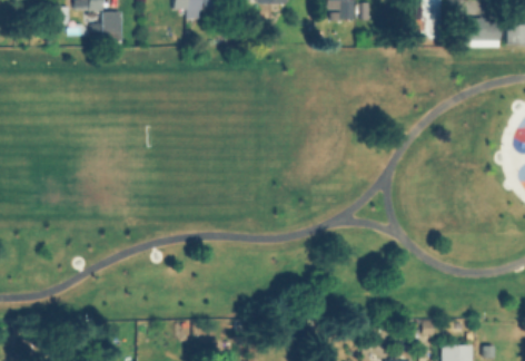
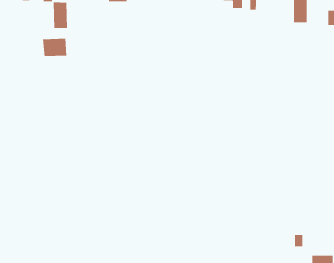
building: none -> [43,38,67,57]

